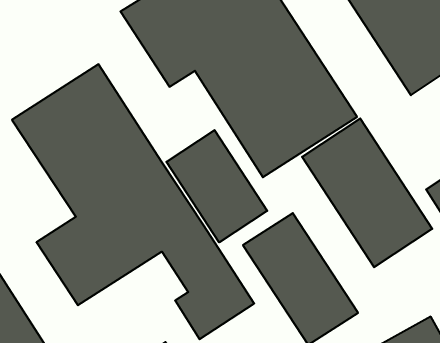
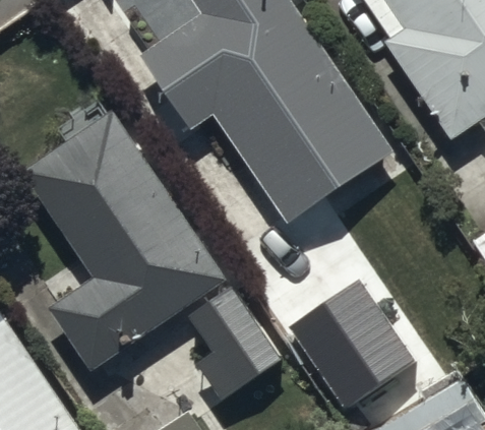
building: [302,118,432,267] -> none
building: [166,130,267,242] -> none

